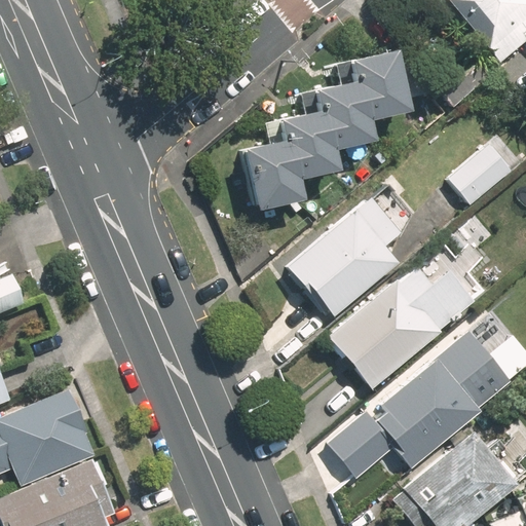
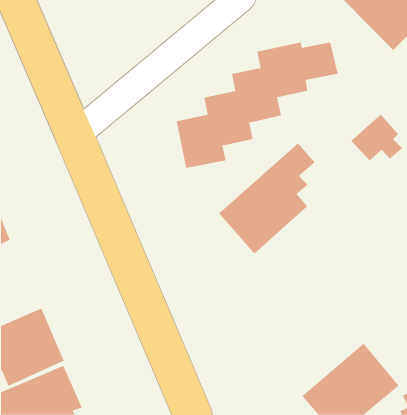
building: [327,247,488,386] -> none
building: [332,340,493,482] -> none

